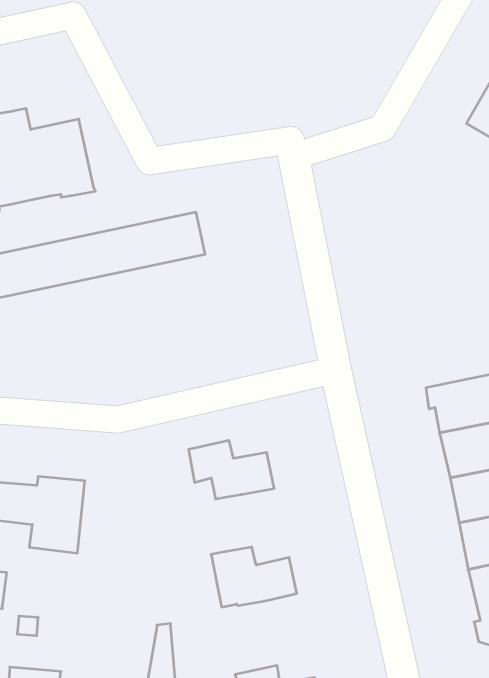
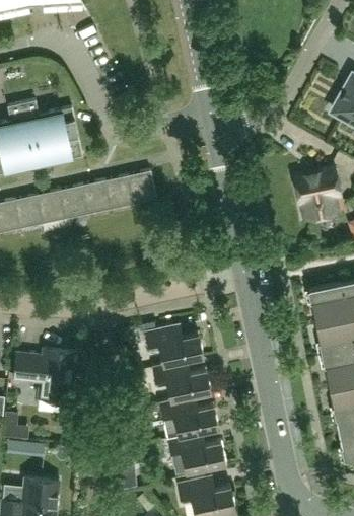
building: none -> [293,167,341,220]
building: none -> [152,362,210,400]
building: none -> [167,434,225,475]

